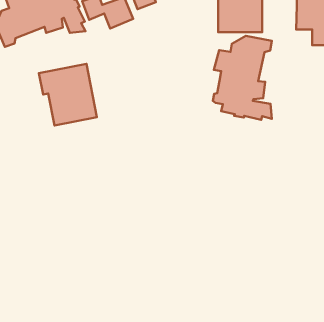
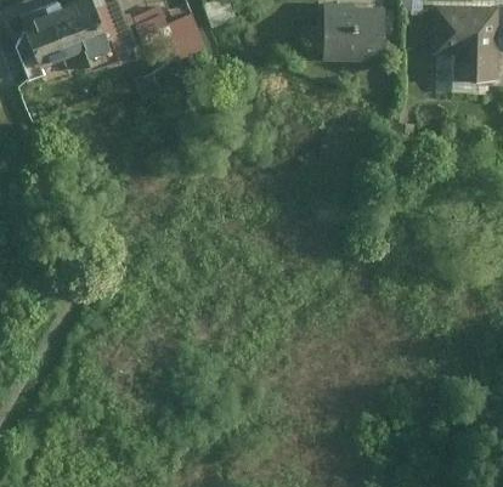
building: [213,36,272,120] -> none
building: [39,64,97,126] -> none

